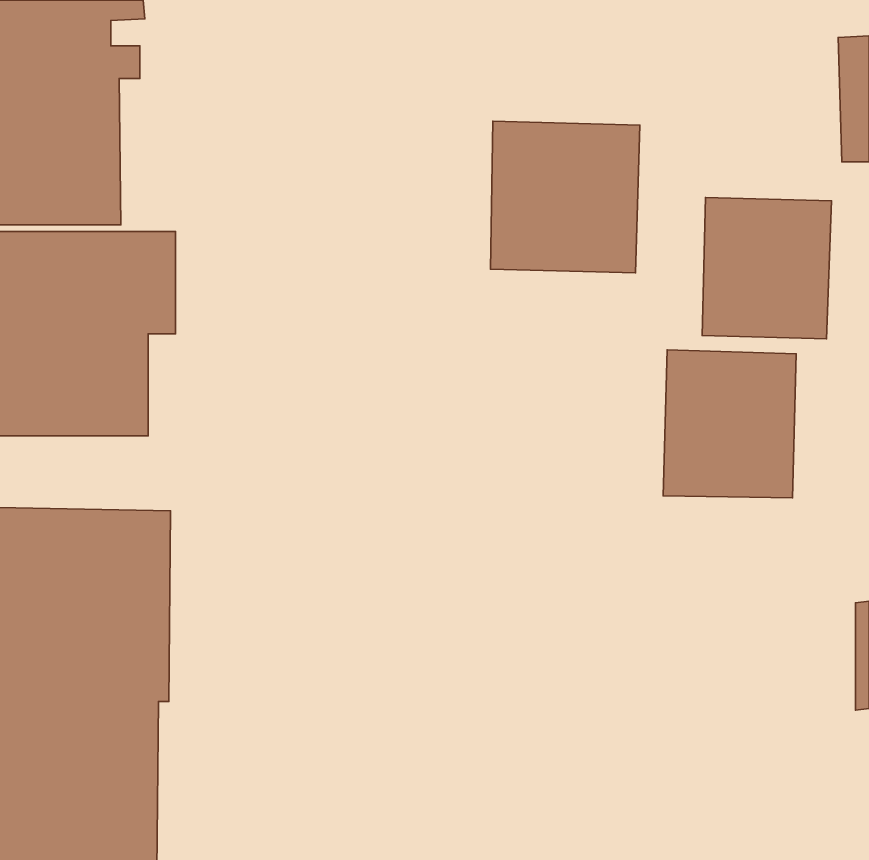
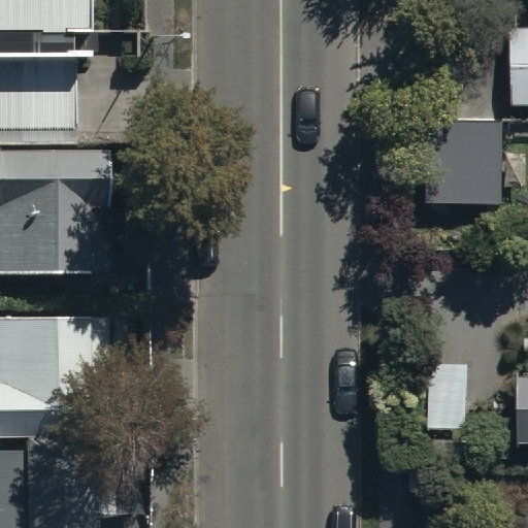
building: [491,121,640,273] -> none
building: [663,350,796,498] -> none

